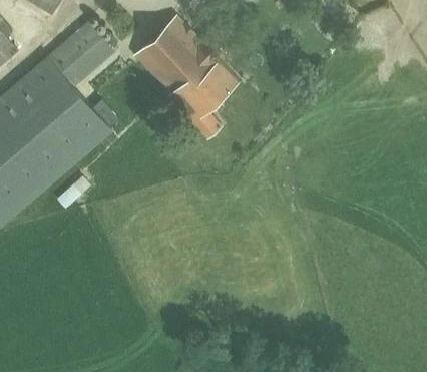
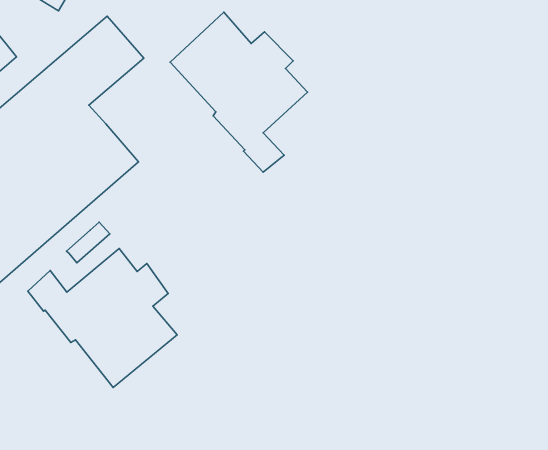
building: none -> [28,248,177,387]

